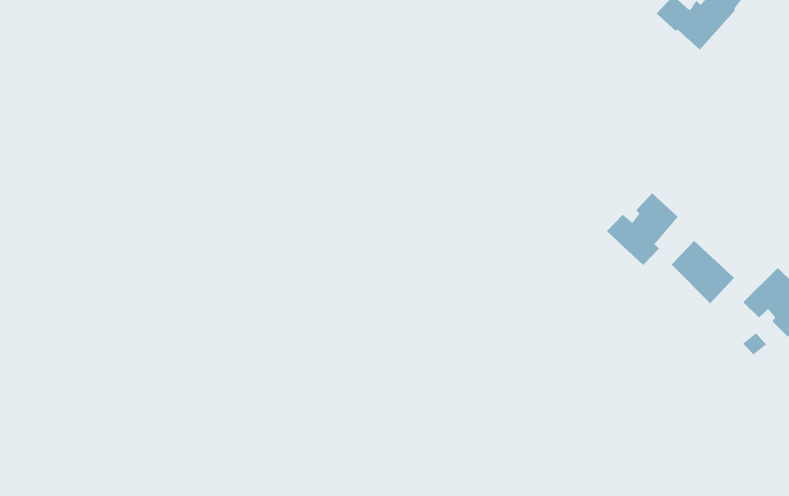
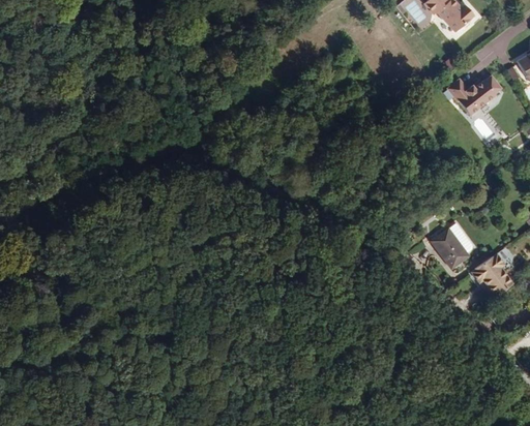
building: [606,193,679,266] -> none

